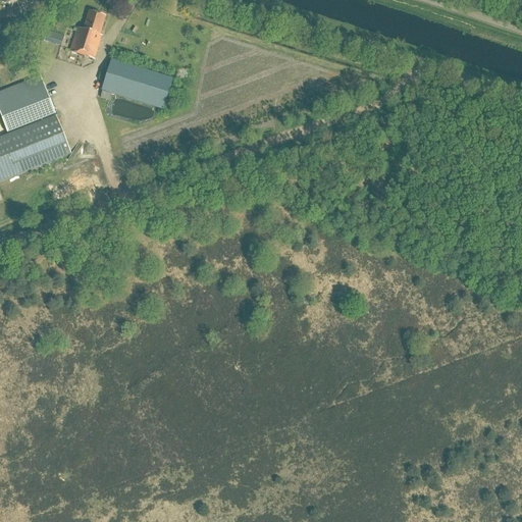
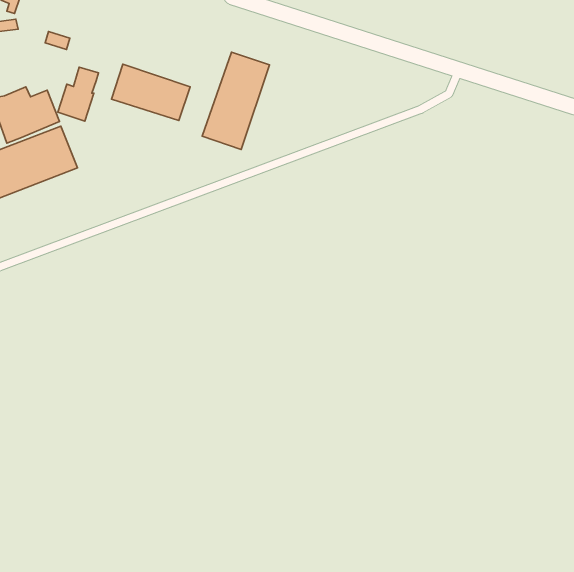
building: [68,9,105,58] -> [58,67,98,121]
building: none -> [202,52,269,149]

